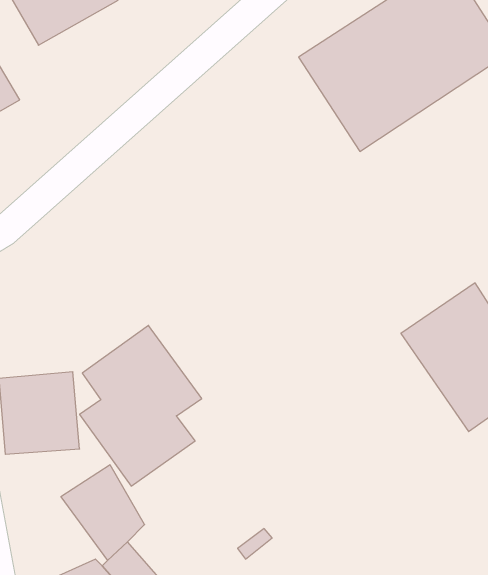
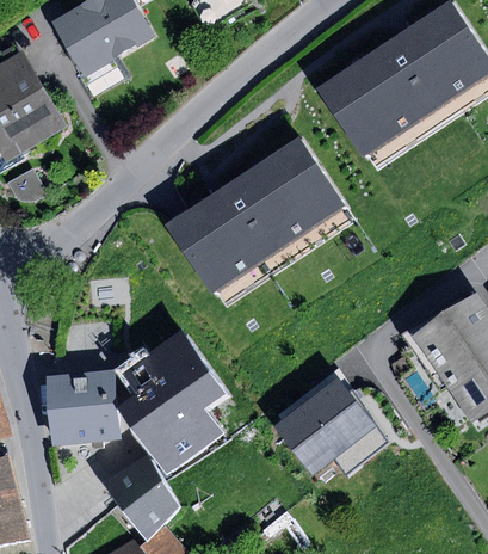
building: none -> [166,137,353,308]
building: none -> [272,373,390,476]

